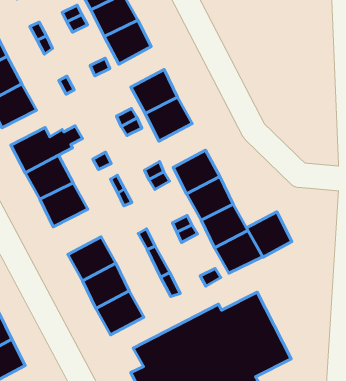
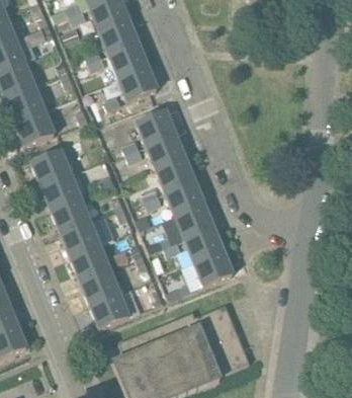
building: none -> [156,157,194,192]
building: none -> [61,221,100,257]
building: [246,212,292,257] -> none

